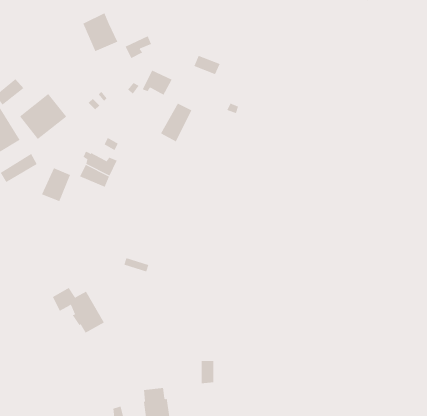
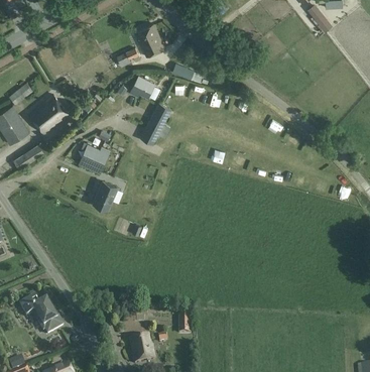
building: [83,12,118,52] -> [135,23,164,55]
building: [41,167,71,202] -> [92,180,116,209]
building: [52,287,105,334] -> [19,294,63,333]

